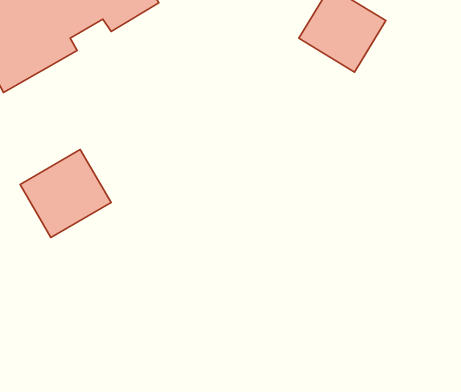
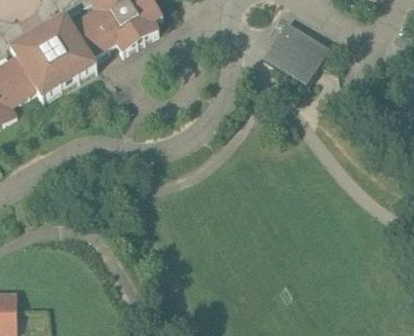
building: [20,149,111,237] -> none

